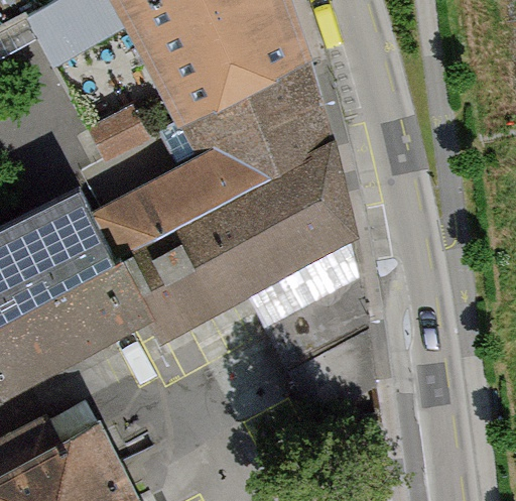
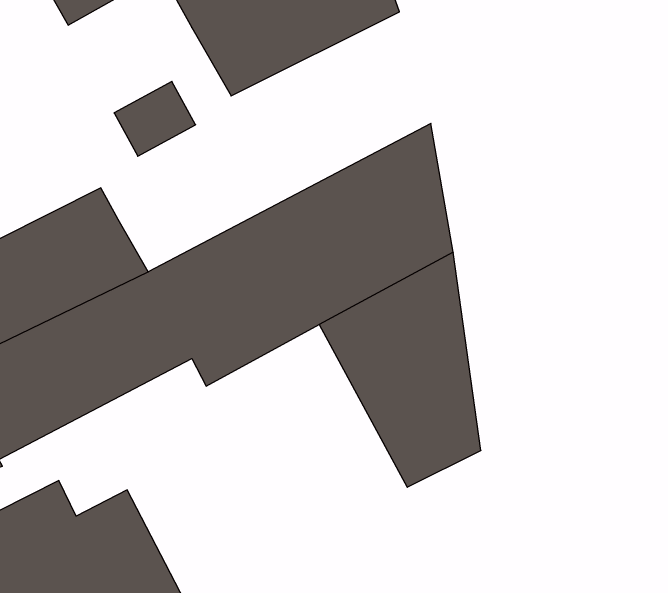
building: [92,51,332,251] -> none

